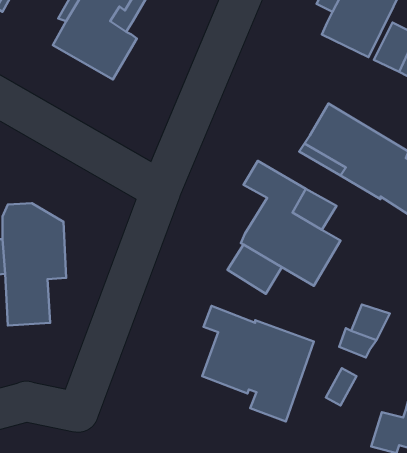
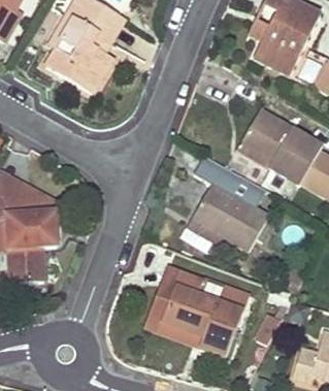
building: none -> [145,283,203,346]

